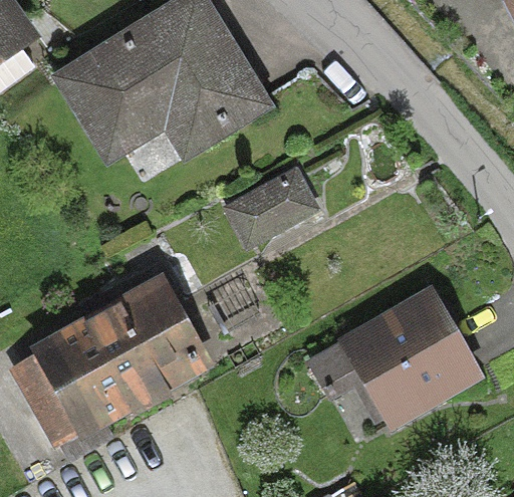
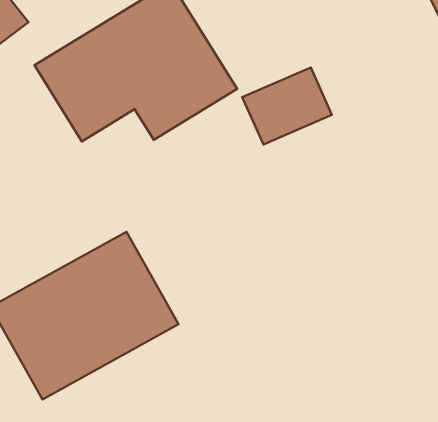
building: [218,167,320,255] -> [242,67,332,145]
building: [297,278,487,432] -> none

